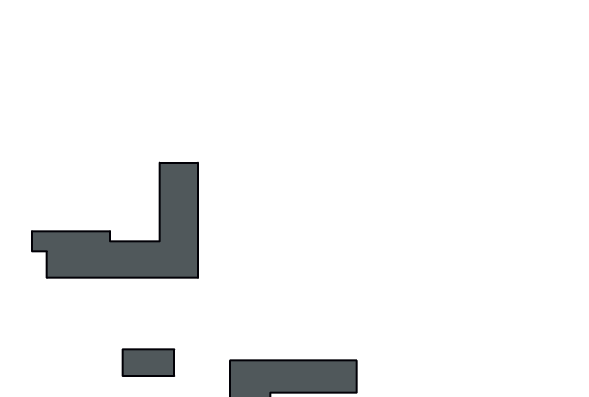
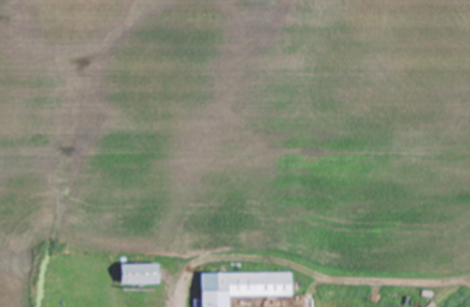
building: [32,163,198,278] -> none

